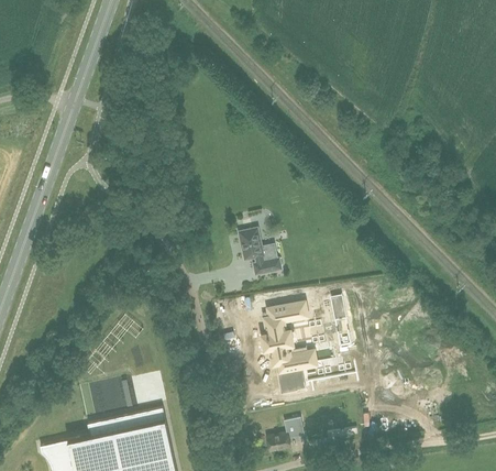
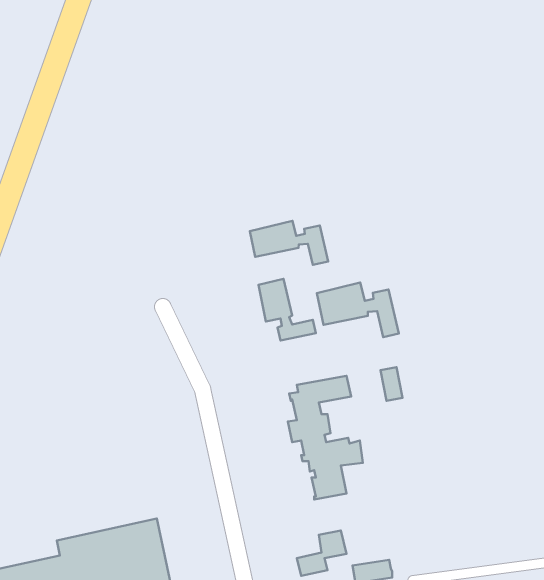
building: none -> [250,221,328,265]
building: none -> [317,283,399,337]

